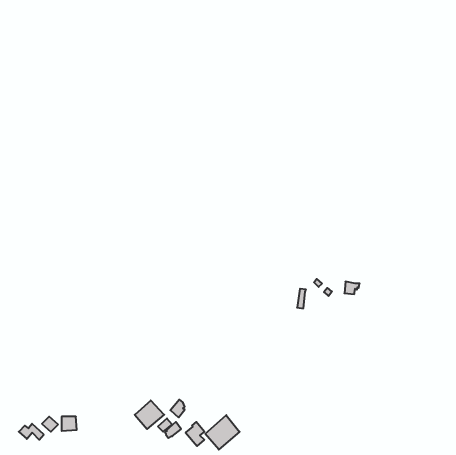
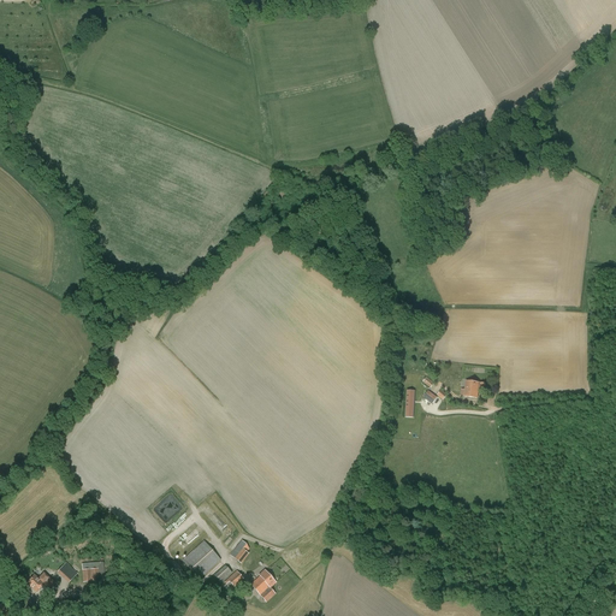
building: [205,415,240,450] -> none

